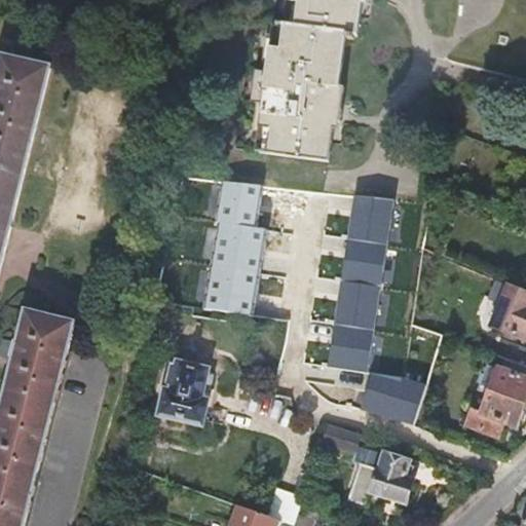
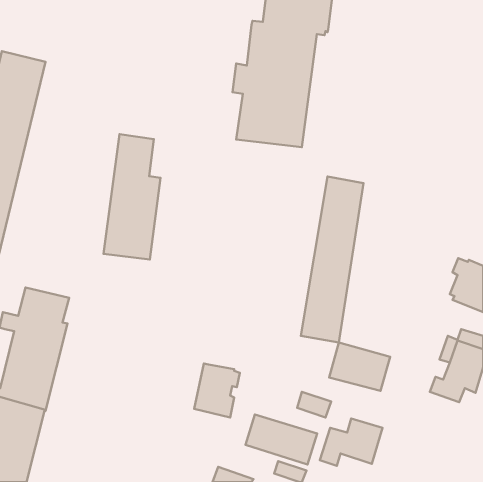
building: [203,180,265,315] -> [103,134,160,260]
building: [159,364,209,422] -> [194,363,240,417]
building: none -> [246,415,317,465]

